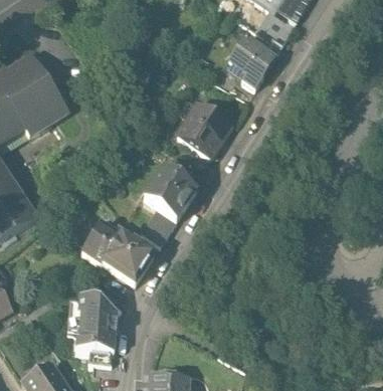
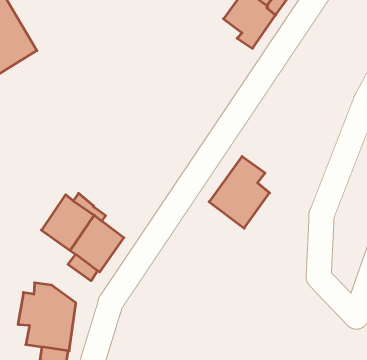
building: [179,102,232,155] -> none
building: [145,159,197,221] -> [209,156,270,228]
building: [142,213,174,246] -> none

